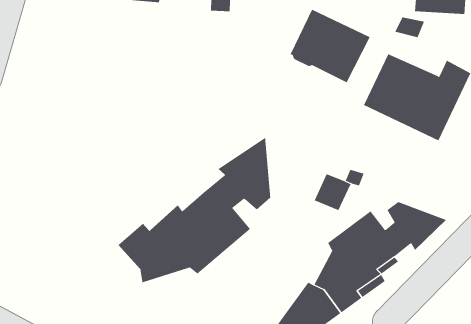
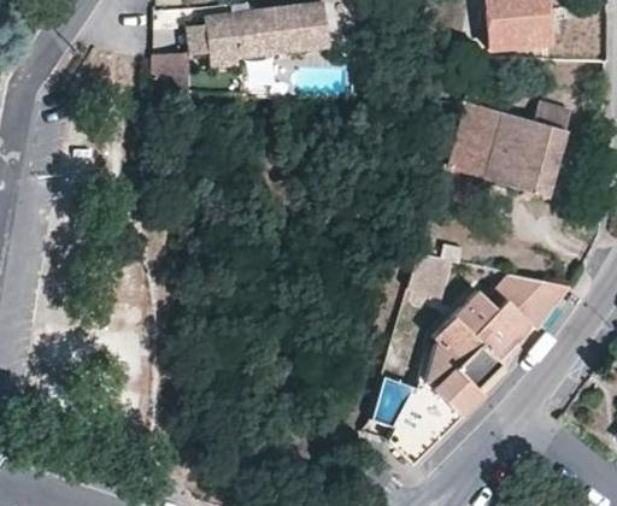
building: [290,9,370,83] -> none
building: [117,137,271,283] -> none

